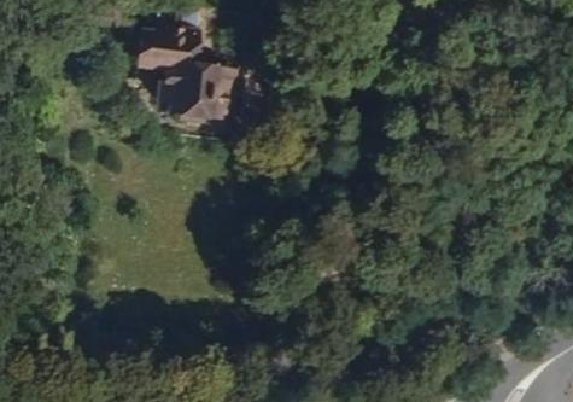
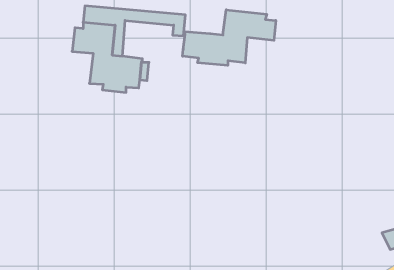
building: none -> [183,10,276,65]

